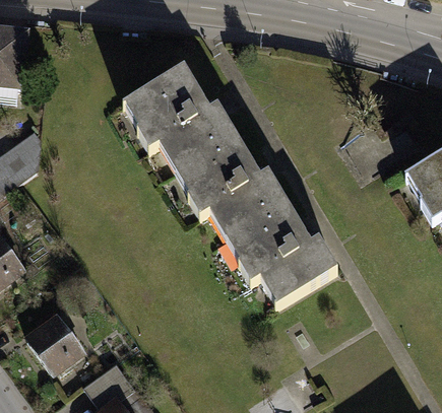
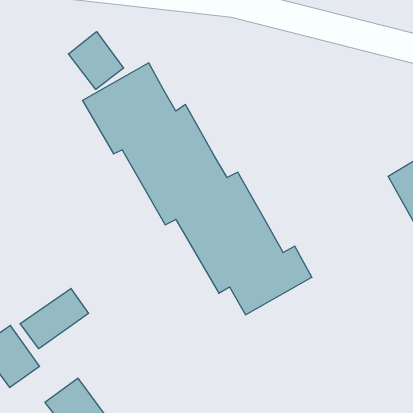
building: none -> [68,32,124,89]
building: none -> [20,288,89,349]

